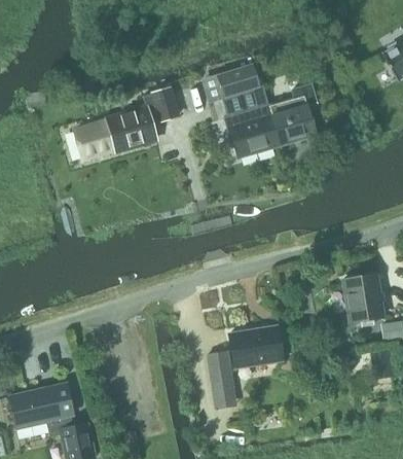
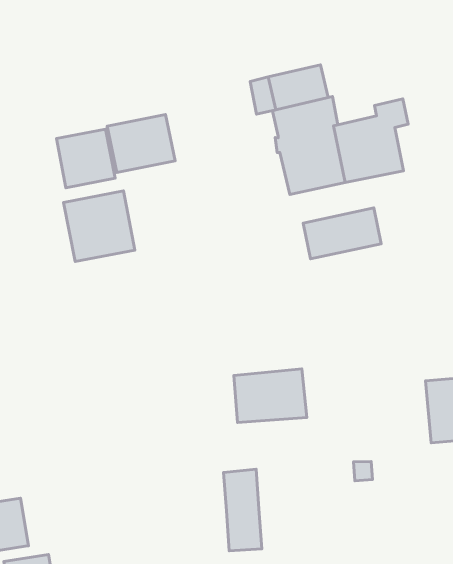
building: [150,87,179,122] -> none
building: none -> [303,208,381,259]
building: none -> [64,191,135,262]
building: [229,325,283,366] -> [234,369,307,423]

